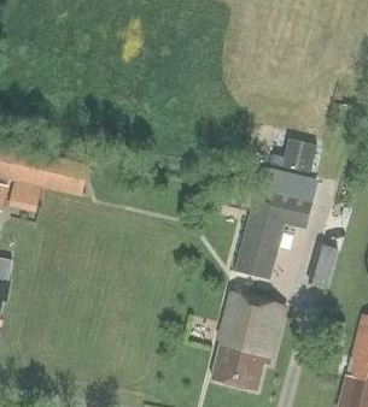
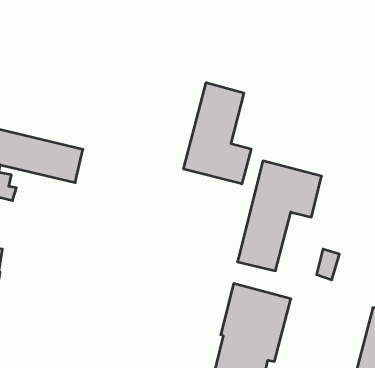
building: none -> [184,83,251,184]
building: [270,137,316,172] -> none

